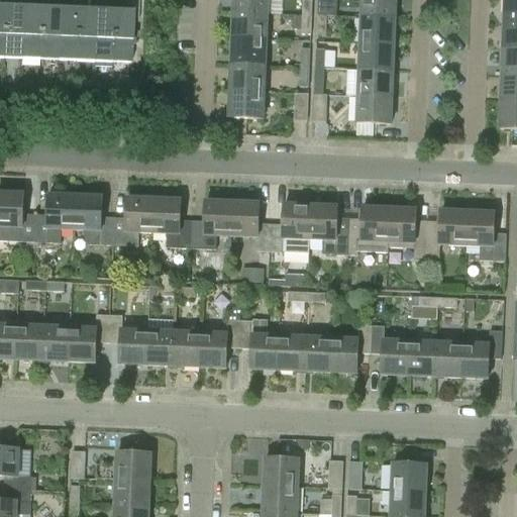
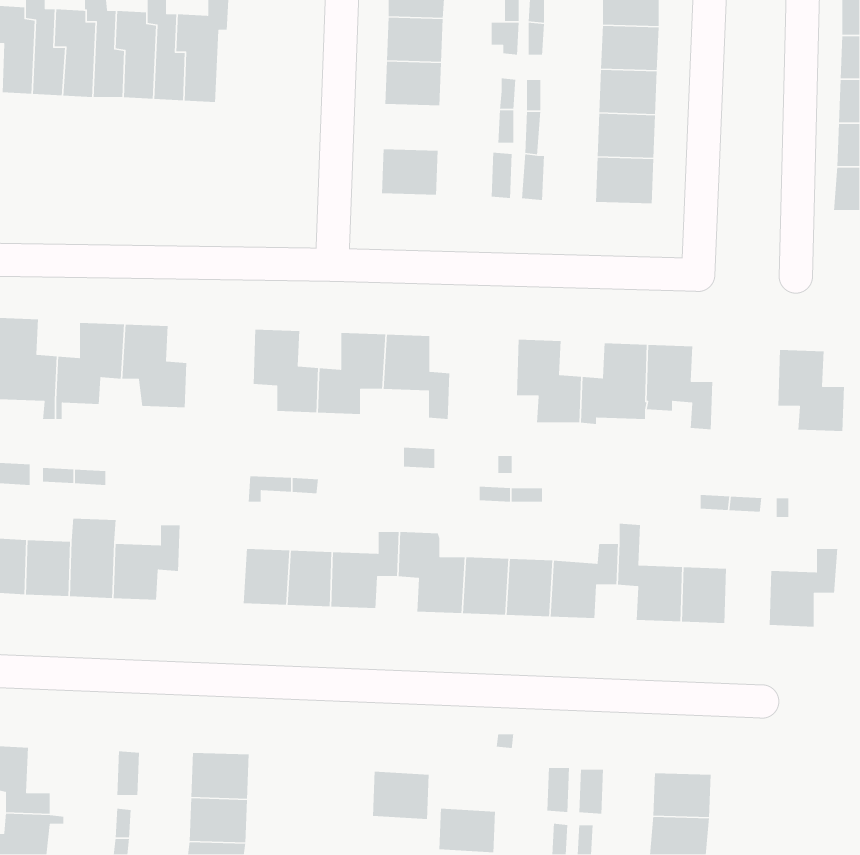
building: [229,63,264,90] -> none
building: [111,196,152,245] -> none
building: [269,202,310,252] -> none
building: [426,208,467,258] -> none
building: [107,314,147,361] -> none
building: [434,340,461,375] -> none
building: [264,456,298,486] -> [372,771,429,820]

